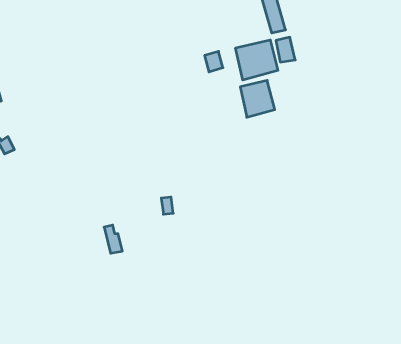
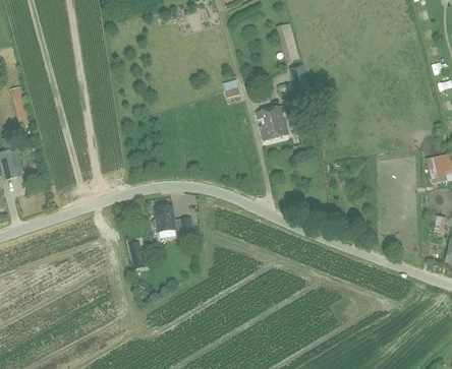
building: [236,40,278,80] -> none
building: none -> [153,205,175,232]

